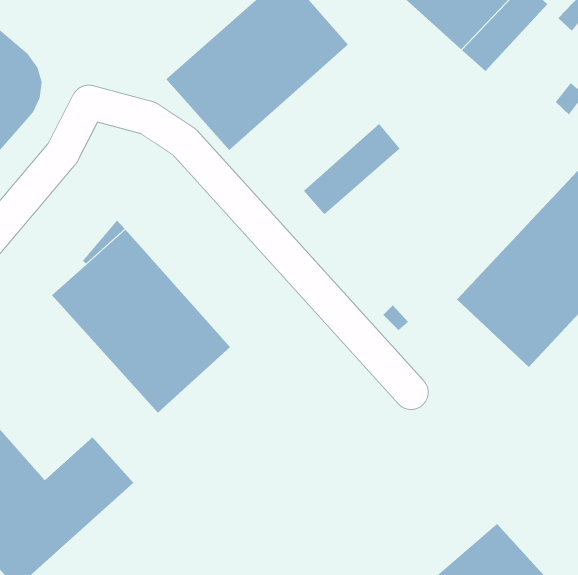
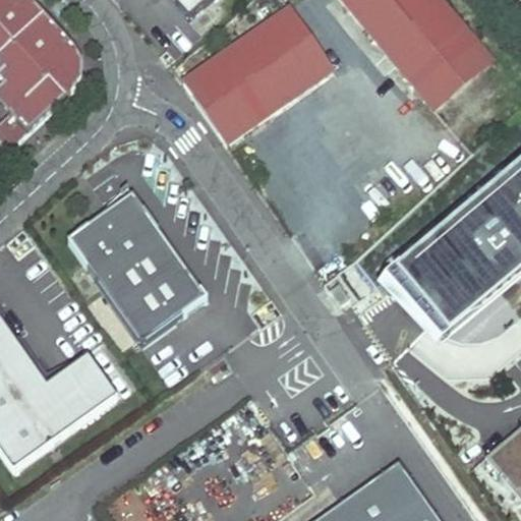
building: [303,123,401,215] -> none

